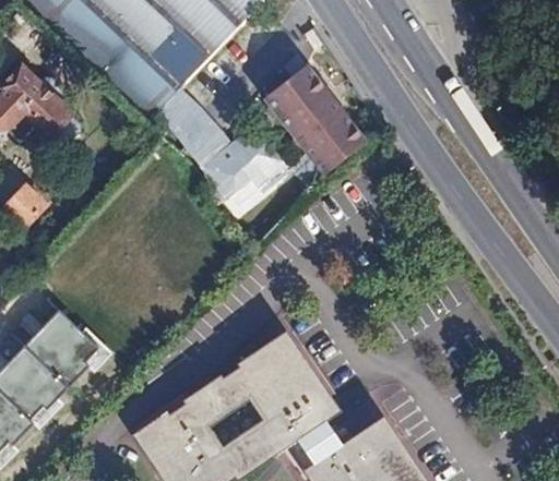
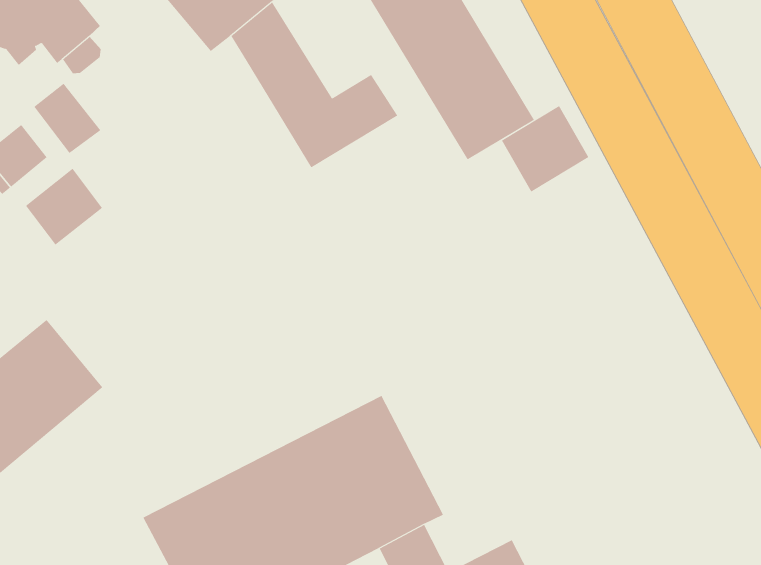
building: none -> [501,105,589,192]
building: none -> [34,83,101,154]
building: none -> [25,168,103,246]

